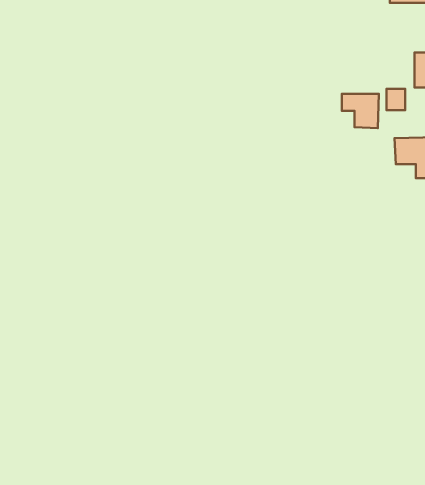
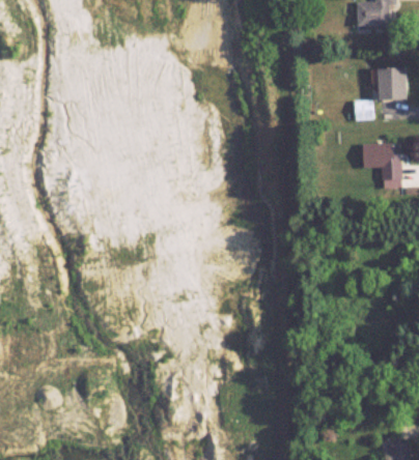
building: [342,94,379,128] -> none

